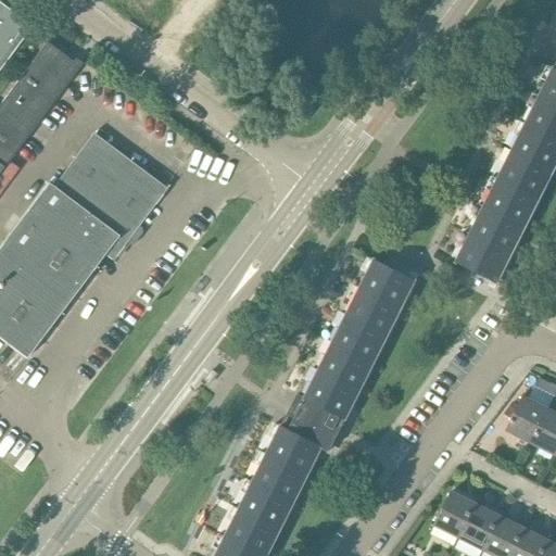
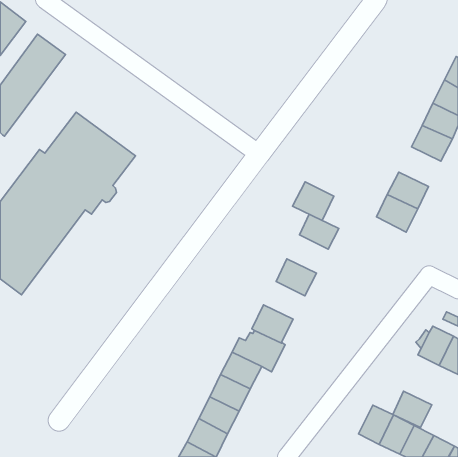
building: [483,178,534,226] -> none
building: [348,285,397,331] -> [293,182,334,220]
building: [319,341,369,387] -> none
building: none -> [393,391,432,428]

